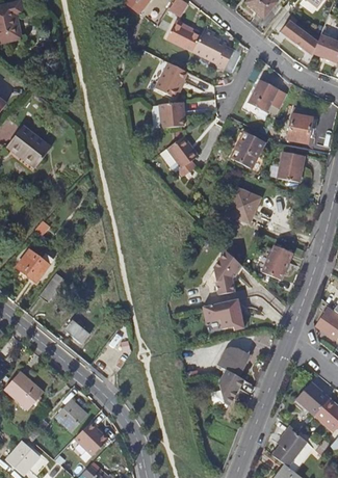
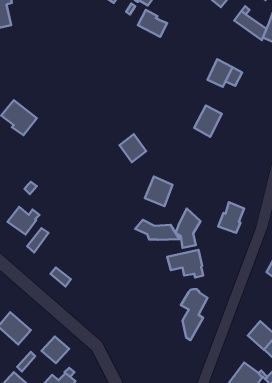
building: [193,27,234,67] -> none
building: [157,61,188,97] -> none
building: [159,101,185,128] -> none
building: [287,105,315,142] -> none
building: [168,134,200,166] -> [119,134,146,162]
building: [279,151,305,182] -> none
building: [227,187,259,221] -> [145,177,173,206]
building: none -> [135,220,179,240]

